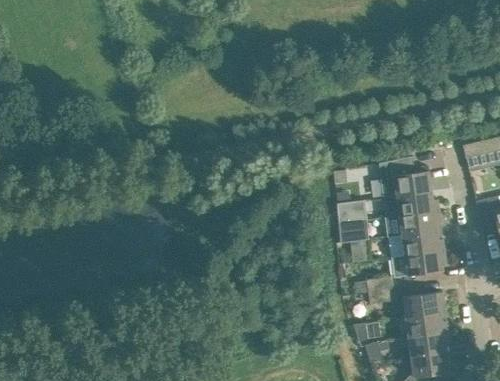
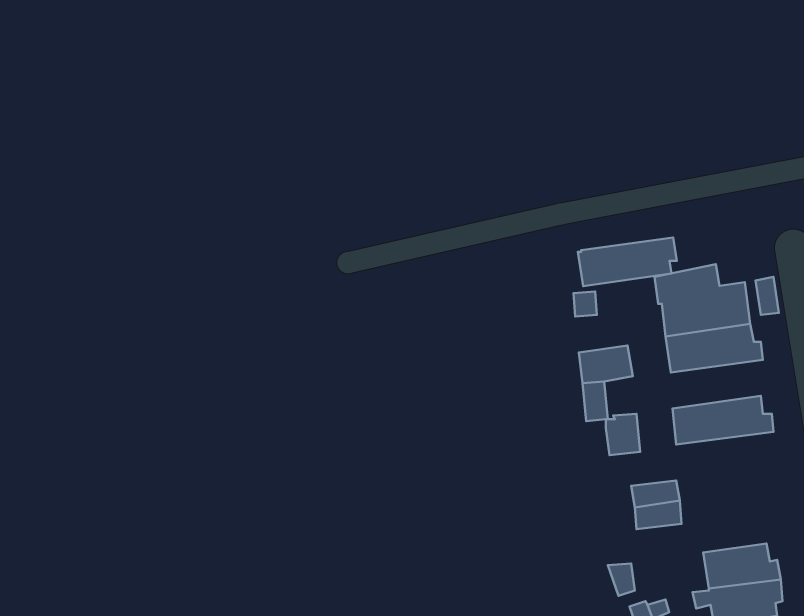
building: [386,209,441,236] -> [578,237,677,286]
building: [391,249,447,278] -> none
building: [403,292,445,316] -> none

